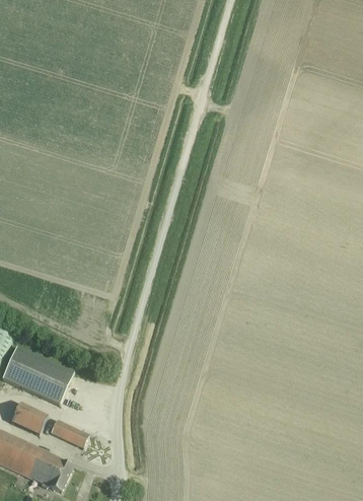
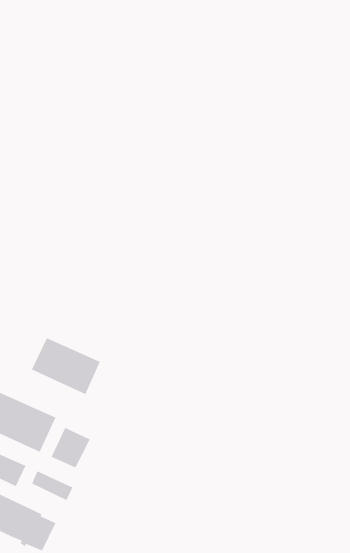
building: none -> [31,337,101,395]
building: none -> [50,427,91,469]

